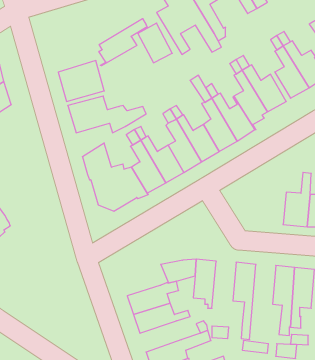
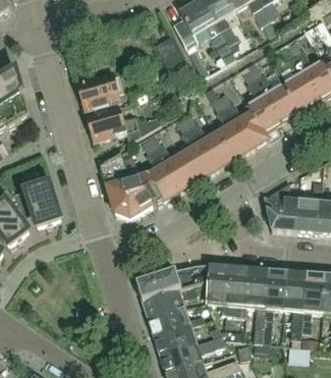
building: [99,19,147,66] -> none
building: none -> [23,180,60,226]
building: none -> [265,181,297,230]
building: none -> [225,266,249,314]
building: none -> [136,269,182,300]
building: none -> [262,269,287,342]
building: none -> [155,324,196,355]

